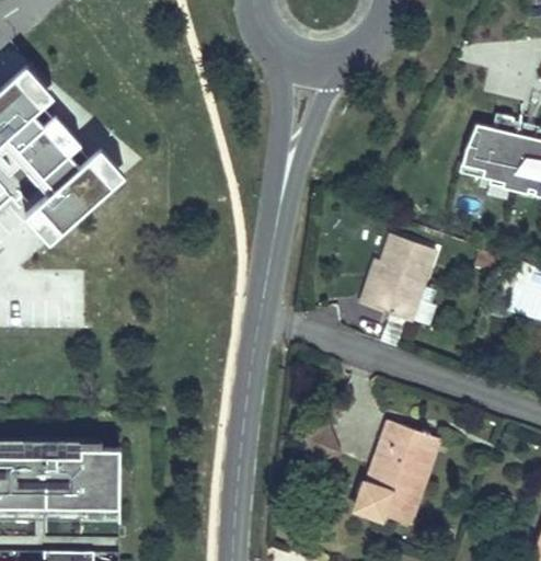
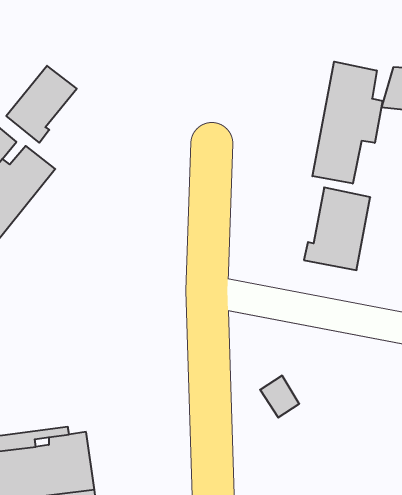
building: none -> [6,66,77,143]
building: none -> [312,62,383,184]
building: [345,414,426,520] -> none

